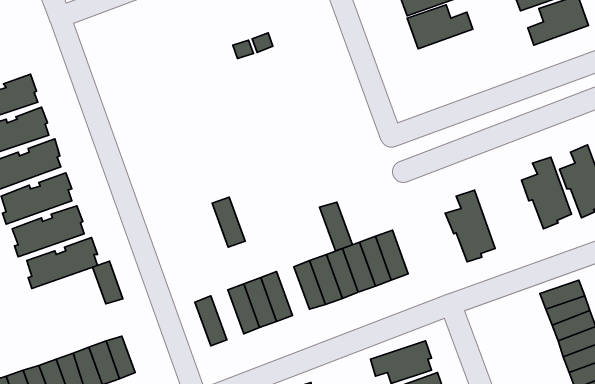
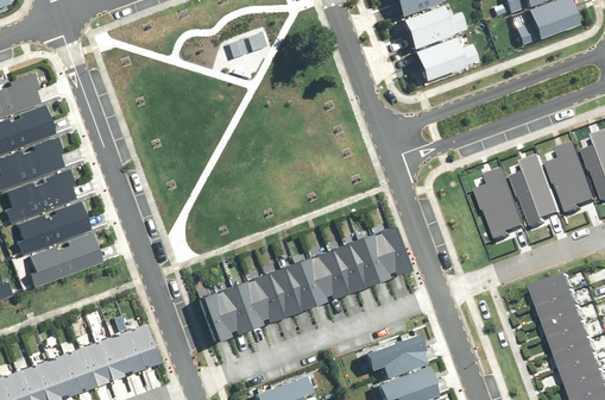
building: none -> [415,38,479,81]
building: [445,190,495,262] -> [479,169,528,239]
building: [212,197,245,247] -> [210,286,242,335]
building: [320,202,353,251] -> [275,263,307,311]
building: [92,261,123,304] -> [124,325,153,367]

